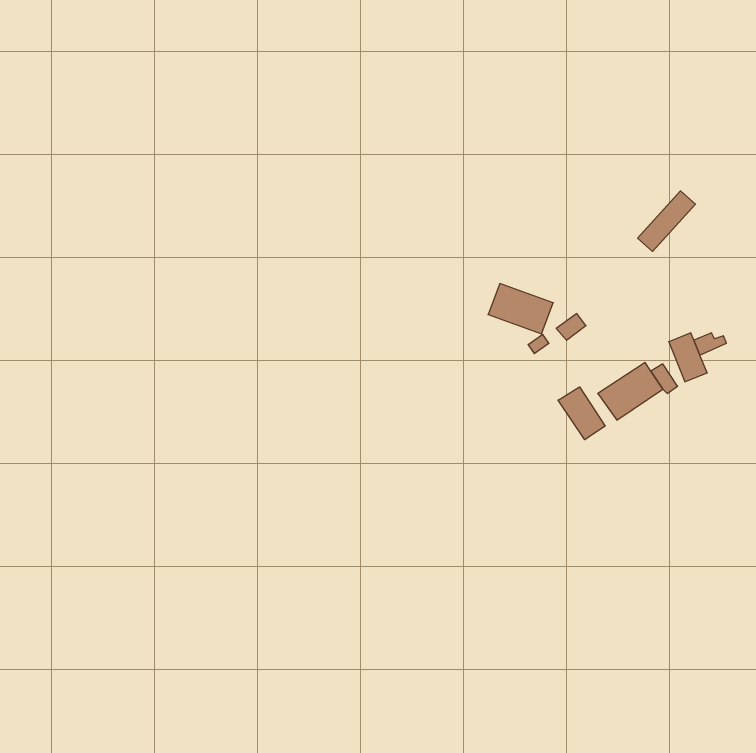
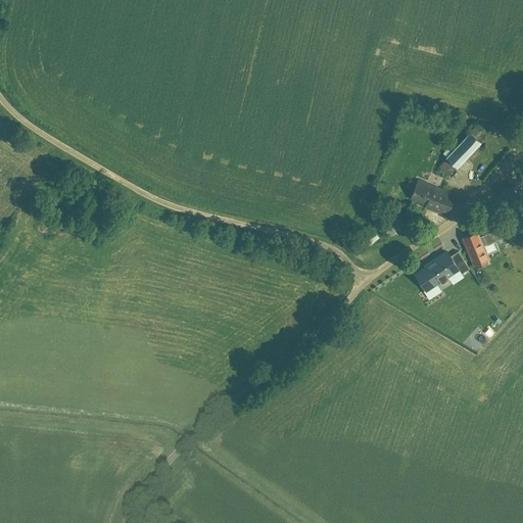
building: [488,284,553,334] -> [411,181,456,216]
building: [558,387,605,440] -> none

